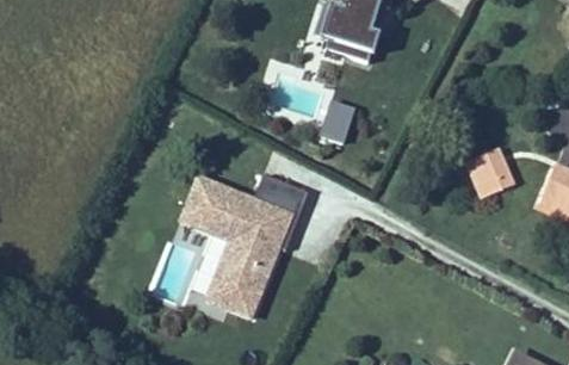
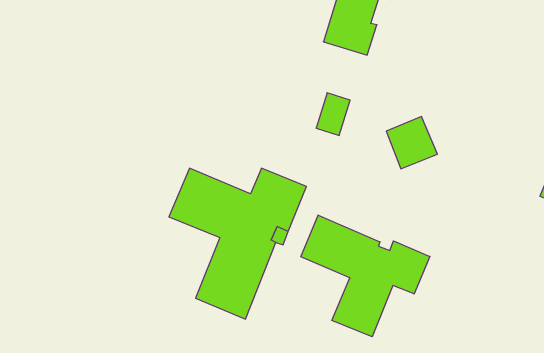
building: [464,144,514,196] -> [386,117,437,169]
building: none -> [301,215,430,337]

